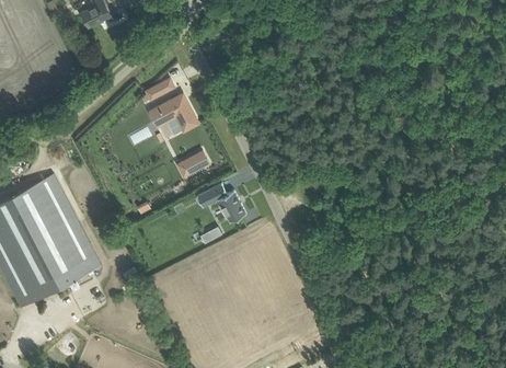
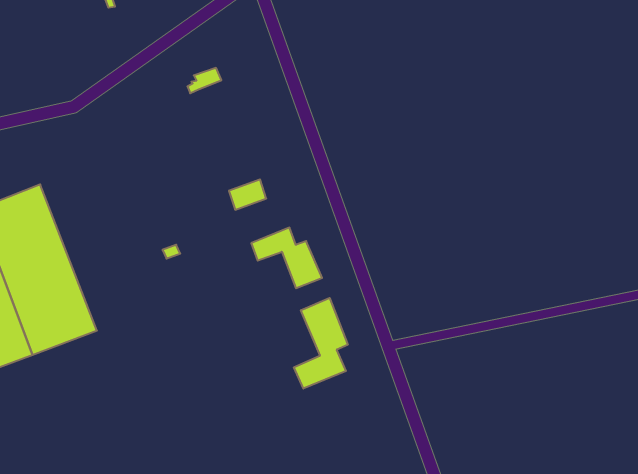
building: [150,95,199,130] -> none
building: none -> [294,298,348,389]

